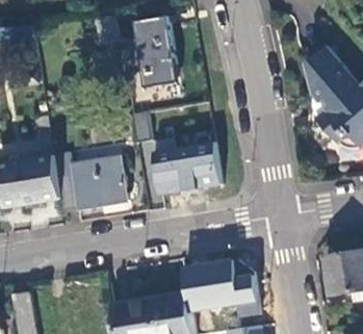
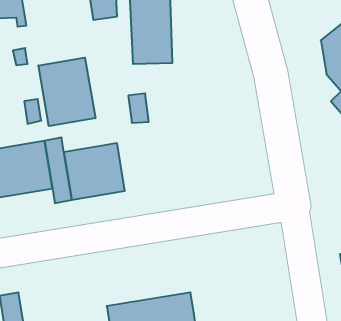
building: none -> [38,58,95,126]
building: [153,142,222,195] -> none
building: [182,254,260,312] -> none

